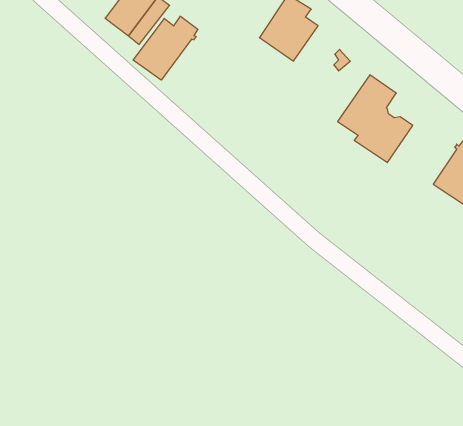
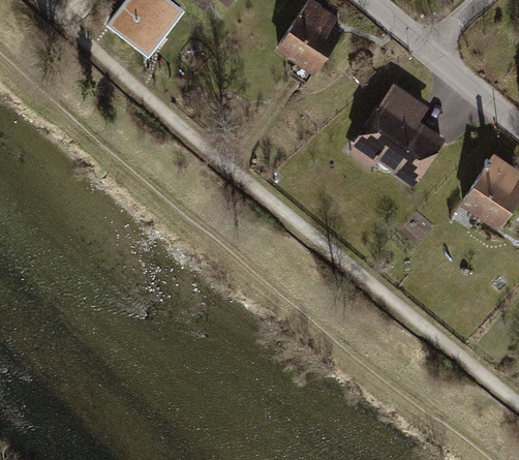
building: [133,16,198,80] -> none

